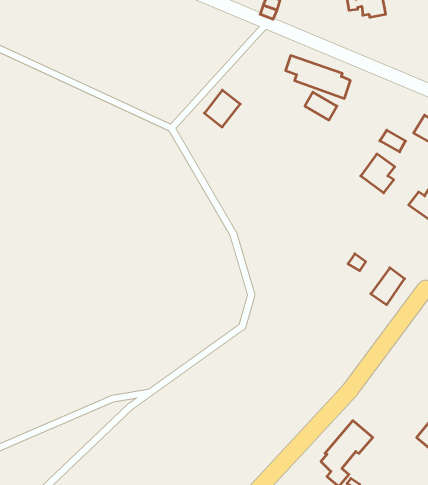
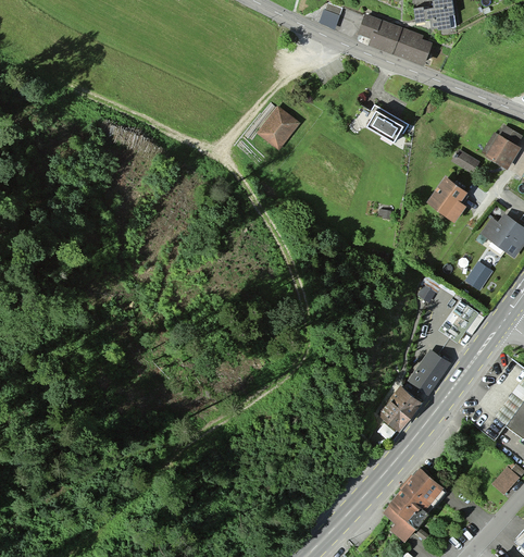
building: [286,56,350,98] -> [359,16,429,63]
building: none -> [463,262,491,292]
building: none -> [410,349,449,393]
building: none -> [379,385,421,428]

